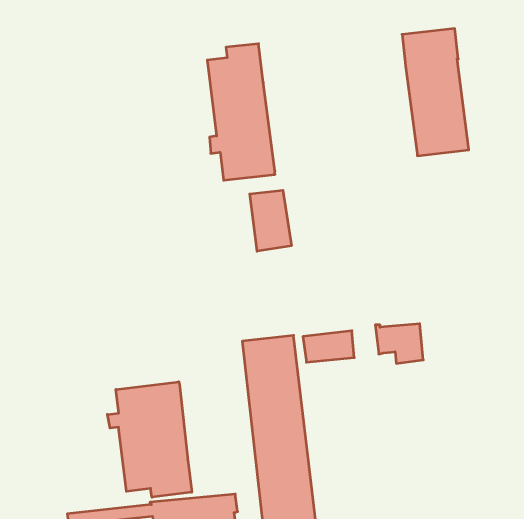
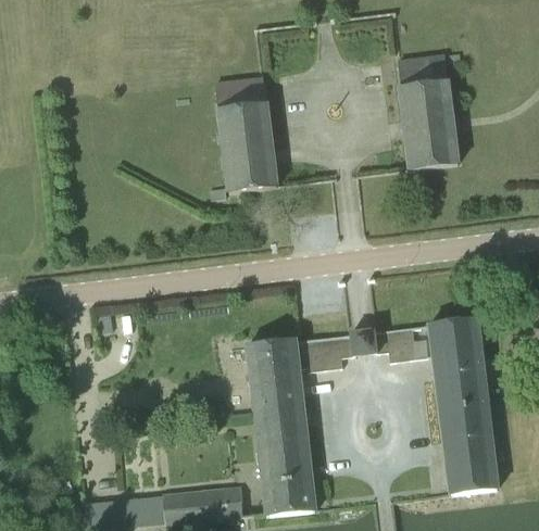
building: [250,190,291,251] -> none
building: none -> [430,317,498,495]
building: [107,382,192,497] -> none

